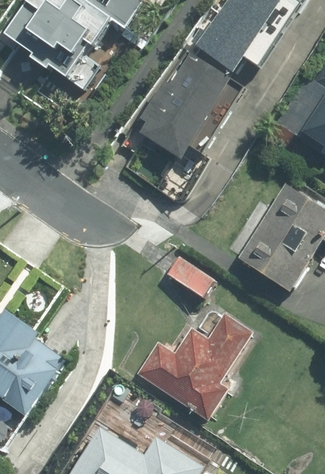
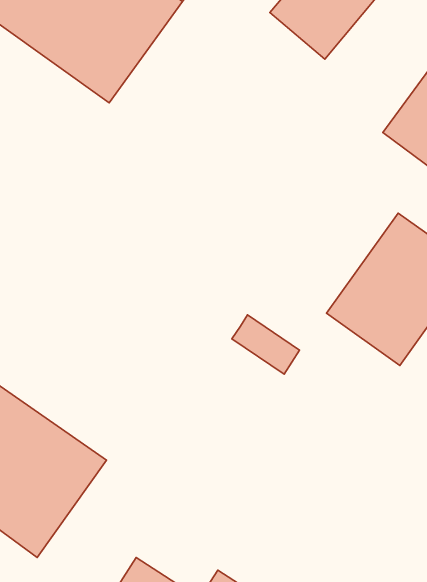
building: [133,53,228,160] -> none
building: [142,317,263,420] -> none

